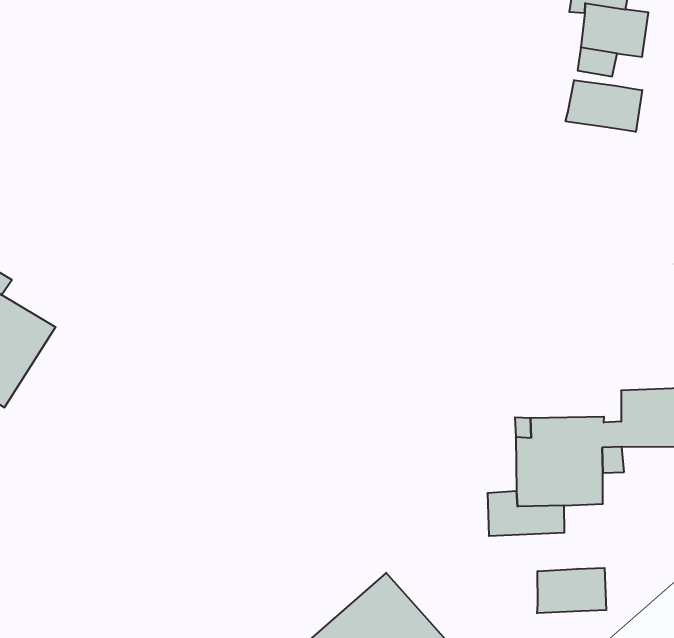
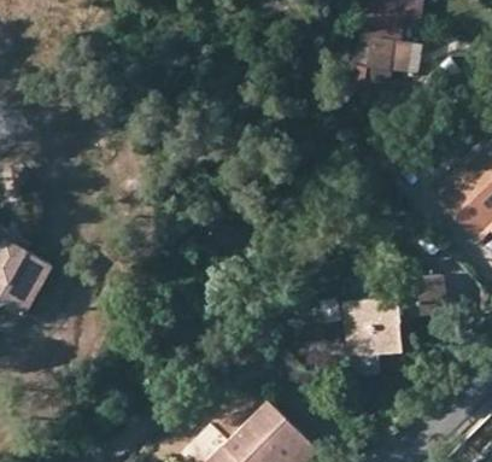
building: [566,80,642,132] -> none
building: [537,568,606,613] -> none

